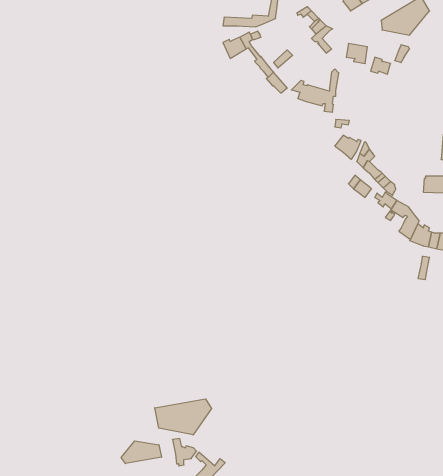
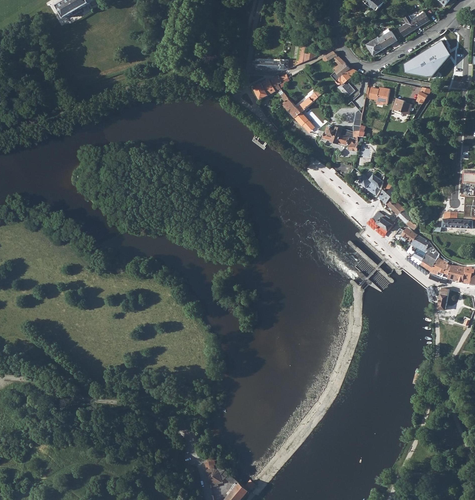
building: [155,399,212,435] -> none
building: [121,441,162,464] -> none

